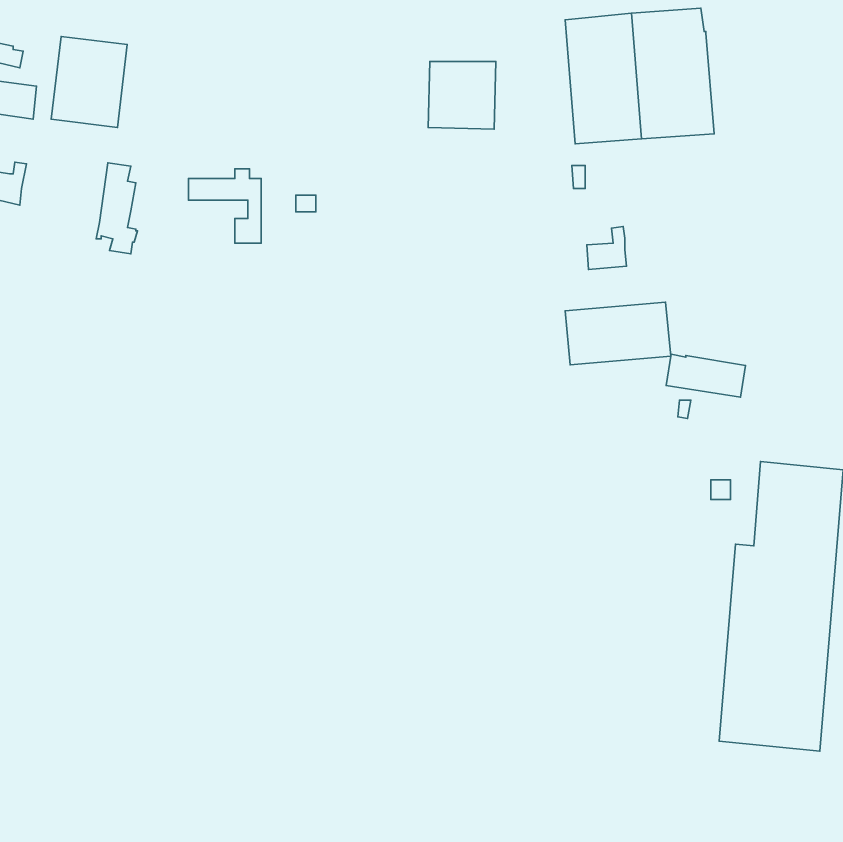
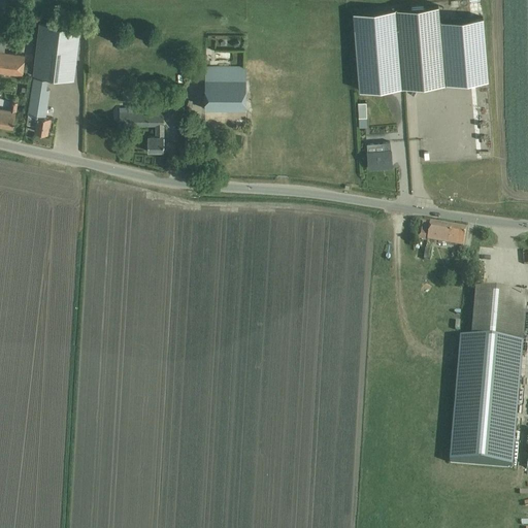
building: none -> [440,20,487,86]
building: [428,61,496,129] -> [203,69,245,111]
building: [96,163,138,254] -> [25,78,51,135]
building: [565,302,671,365] -> none

